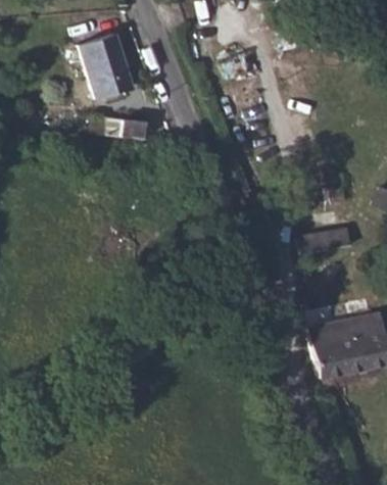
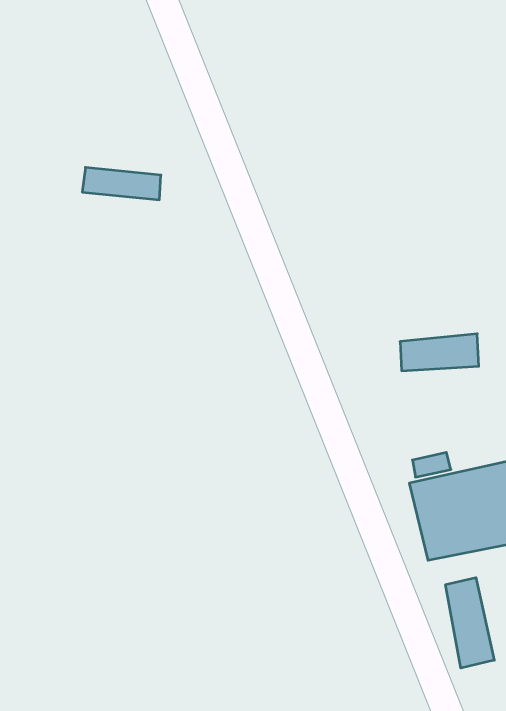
building: [80,34,133,99] -> none
building: none -> [446,578,494,668]

